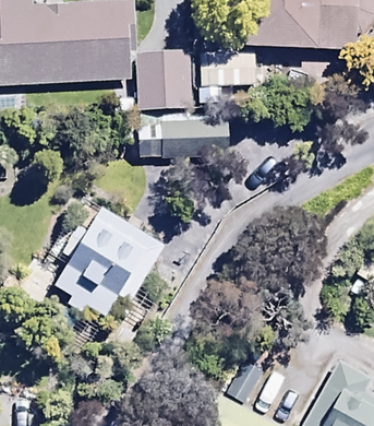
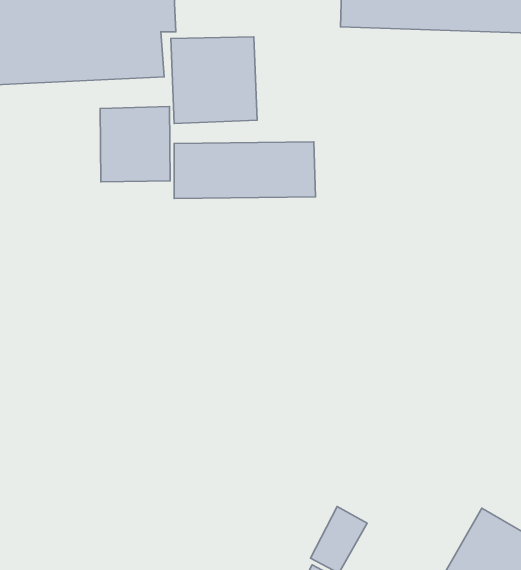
building: [196,50,255,84] -> none
building: none -> [100,106,170,182]
building: [53,208,166,329] -> none

